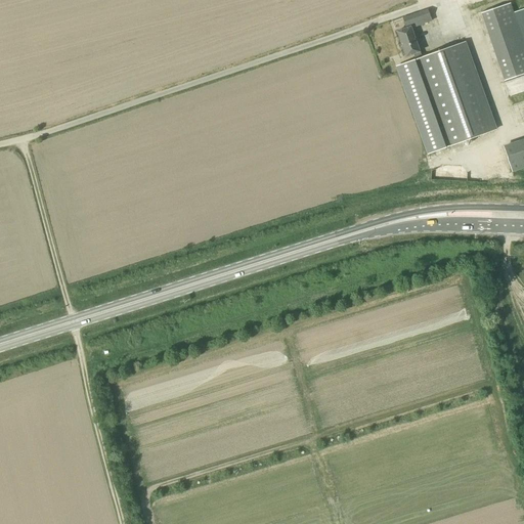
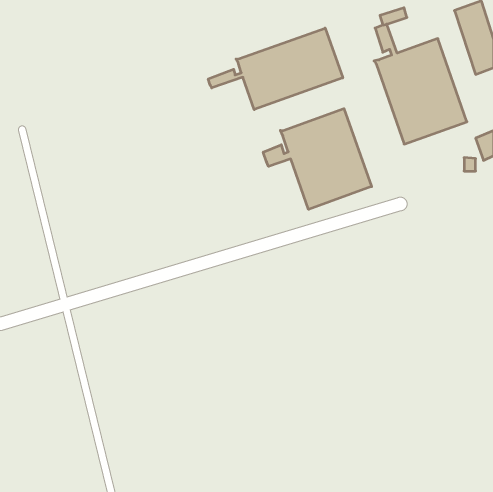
building: none -> [208,28,343,110]
building: none -> [263,109,372,209]

